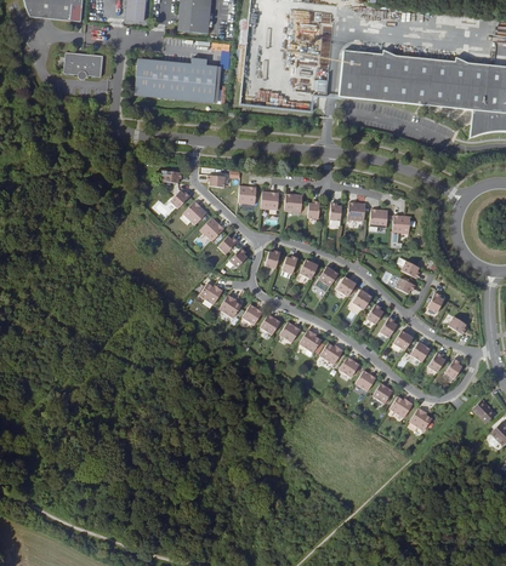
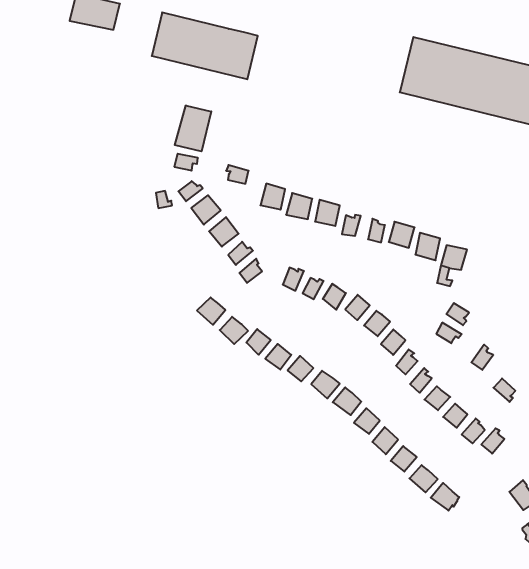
building: none -> [175,105,211,151]

